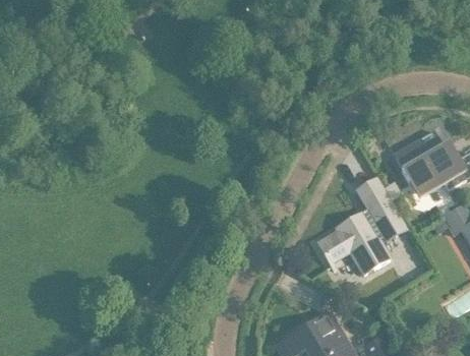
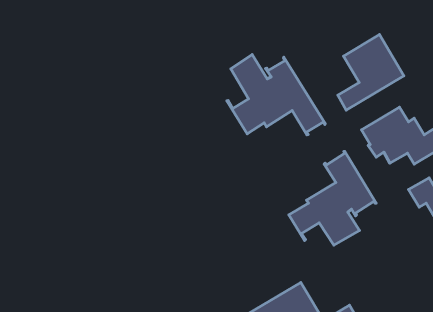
building: none -> [338,35,404,110]
building: none -> [227,54,325,135]

